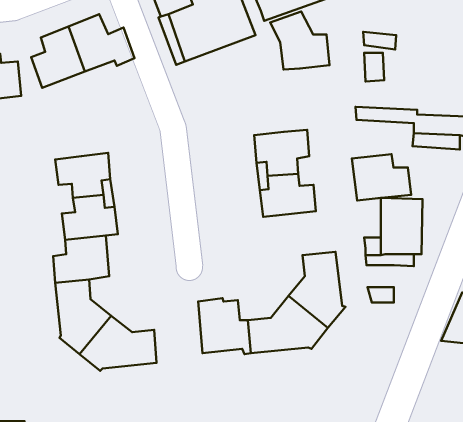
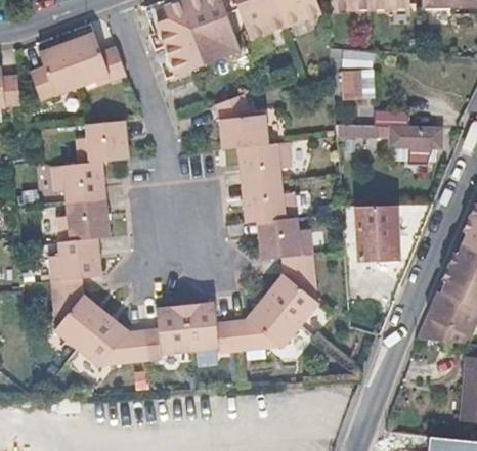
building: [270,11,330,70] -> [212,93,267,147]
building: none -> [77,122,129,166]
building: [352,154,411,200] -> [260,217,315,260]
building: none -> [146,301,191,358]

